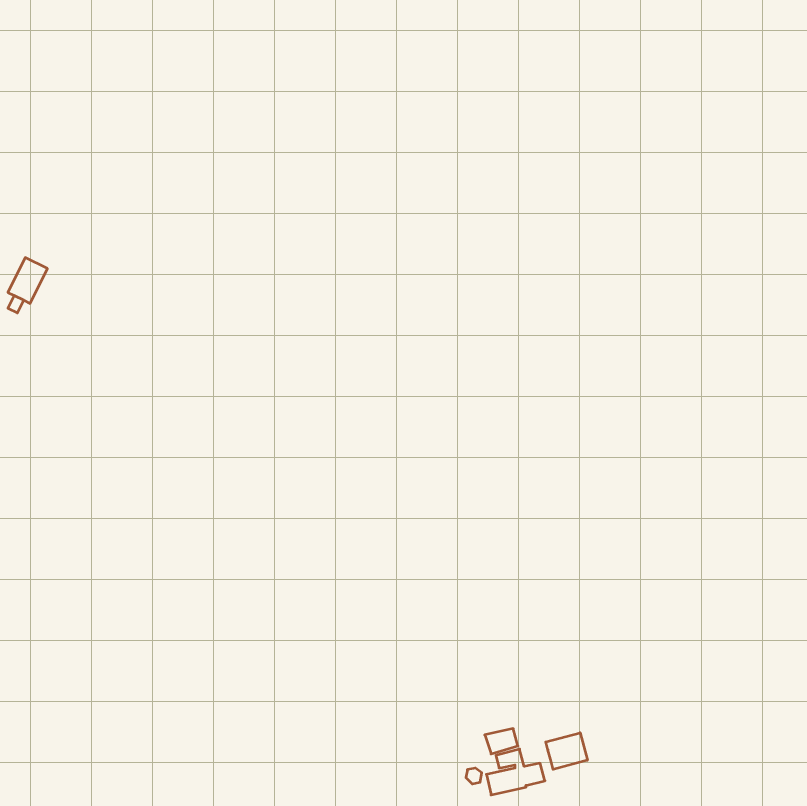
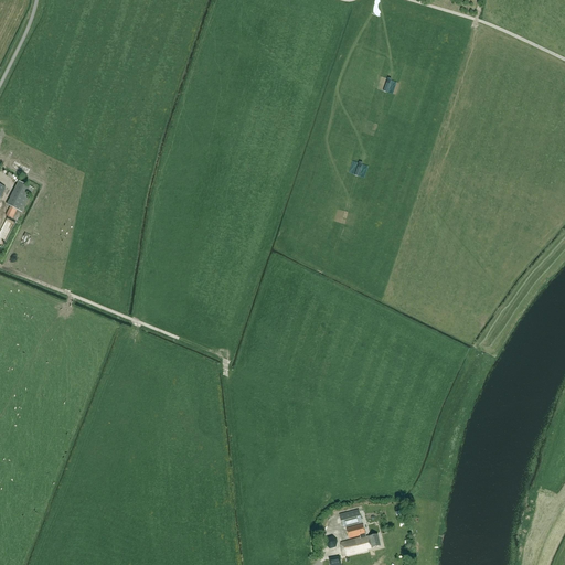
building: [546,733,587,769] -> none

